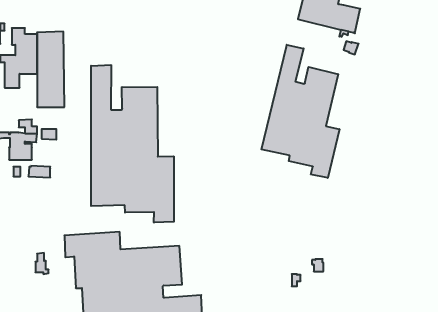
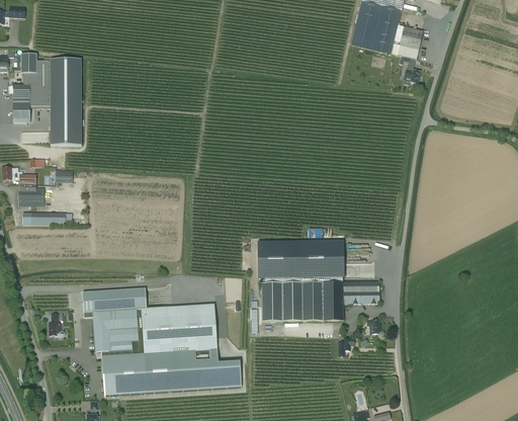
building: [261,45,339,178] -> none
building: [91,65,174,223] -> none
building: none -> [257,240,379,321]

